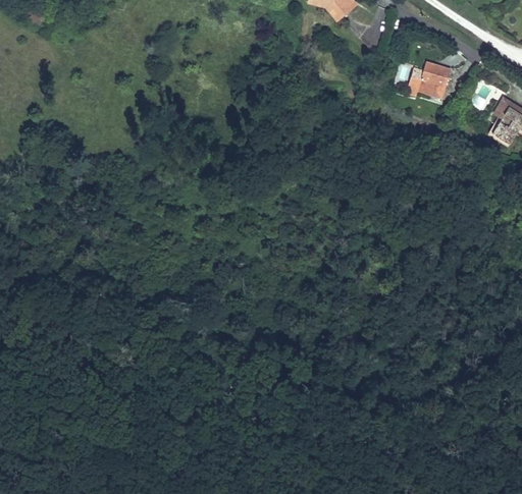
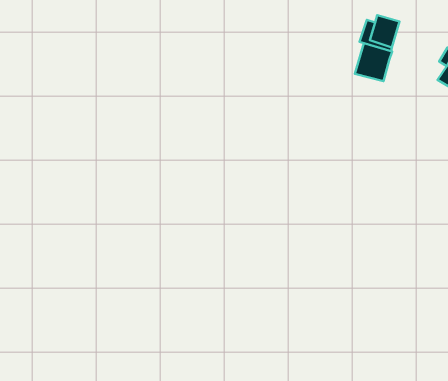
building: none -> [355,43,392,81]

